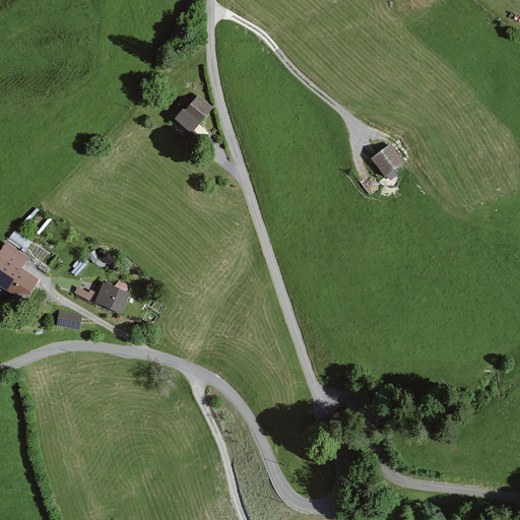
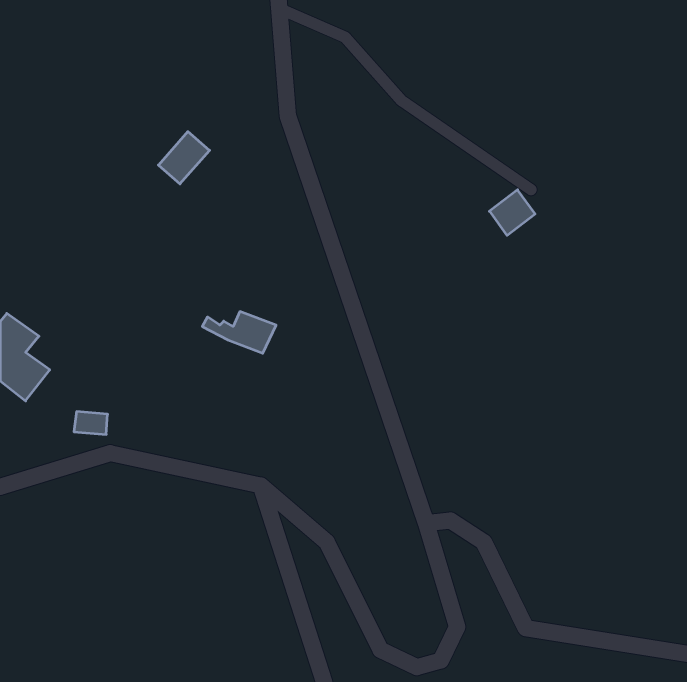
building: [174,92,212,132] -> [158,132,210,184]
building: [74,280,130,312] -> [202,312,276,353]

